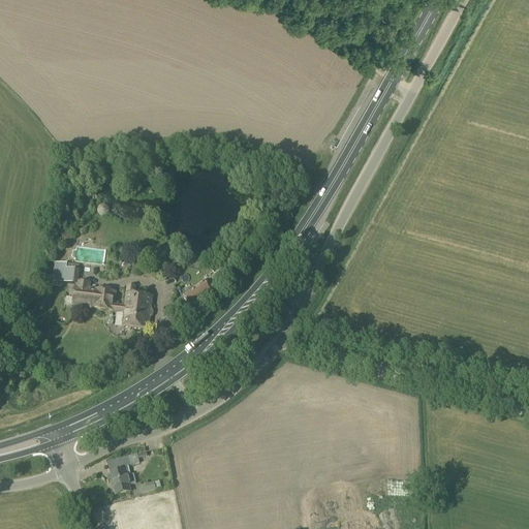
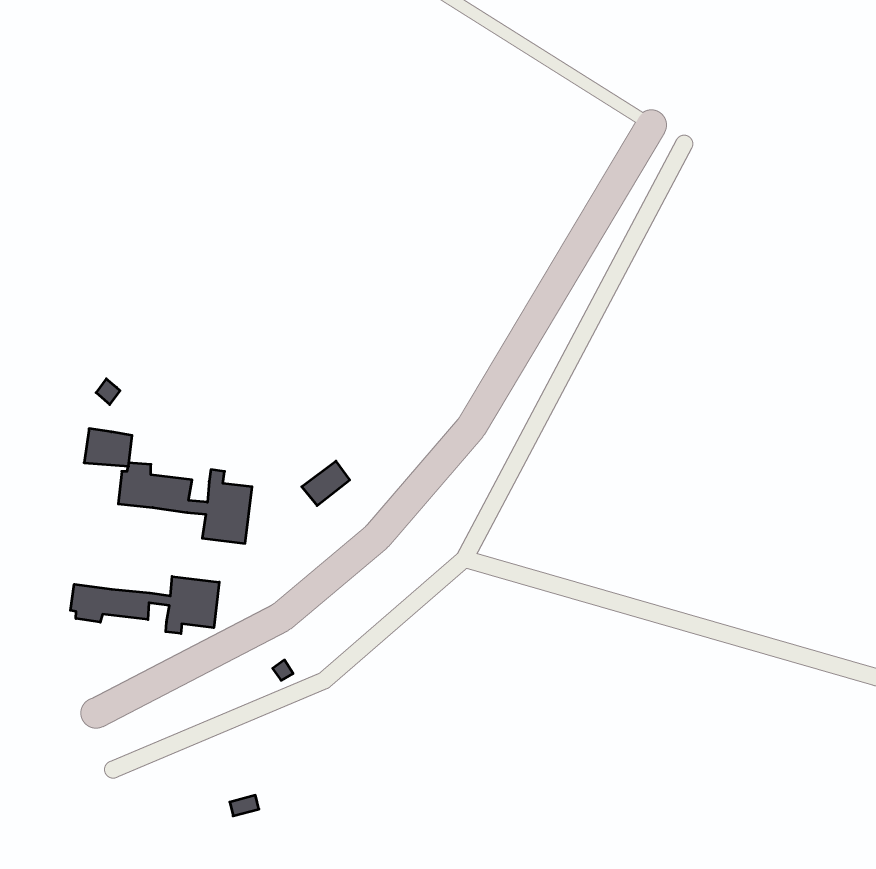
building: none -> [70,576,219,634]
building: [106,449,147,493] -> none

